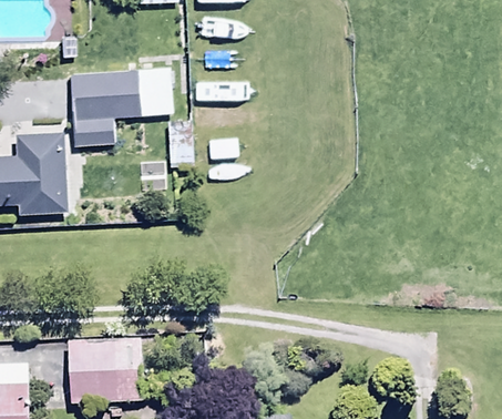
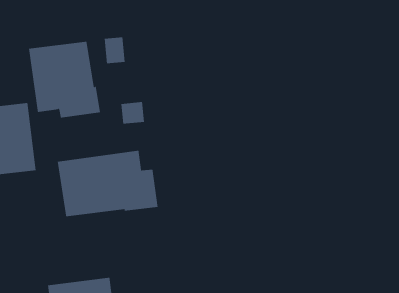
building: none -> [57,150,158,217]

